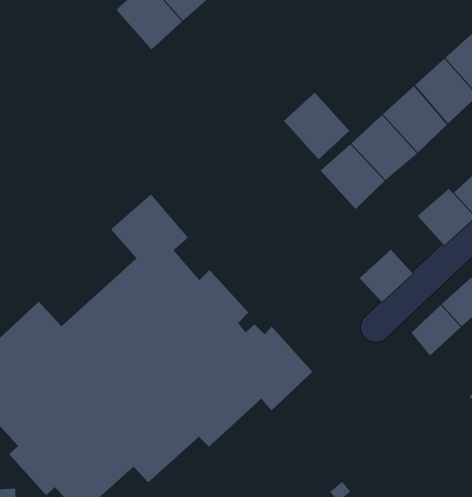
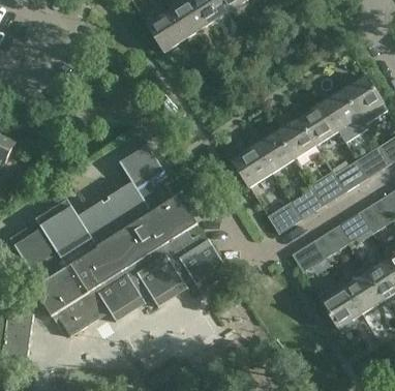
building: [283,92,350,160] -> [233,146,273,188]
building: none -> [291,187,324,219]

